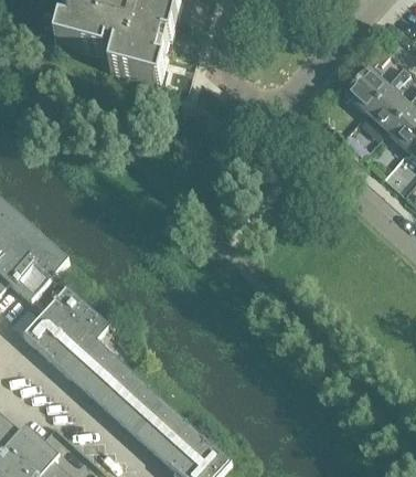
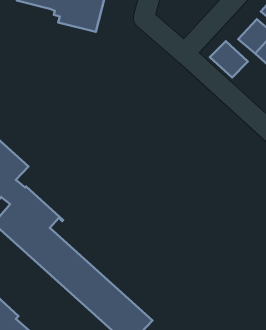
building: none -> [210,41,248,77]

